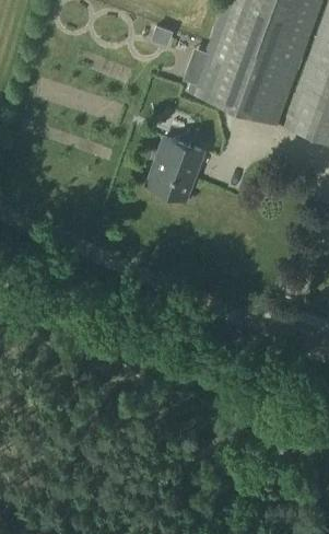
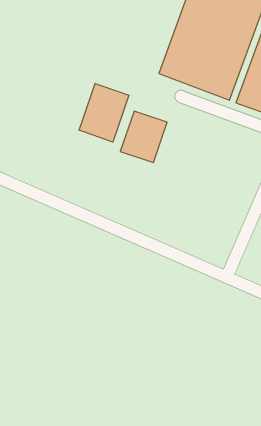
building: none -> [79,83,129,142]

